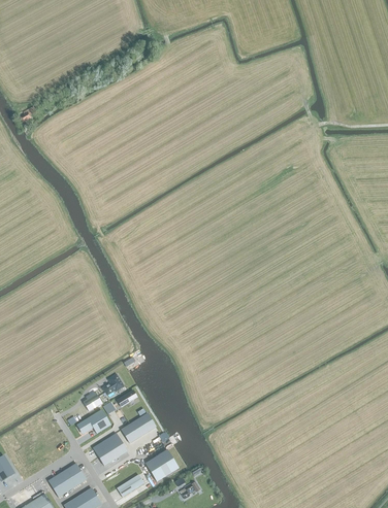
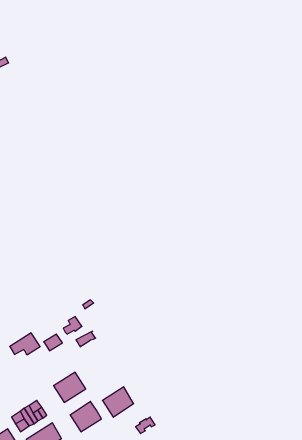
building: [78,410,110,433] -> [10,333,40,354]
building: [121,413,156,443] -> none

